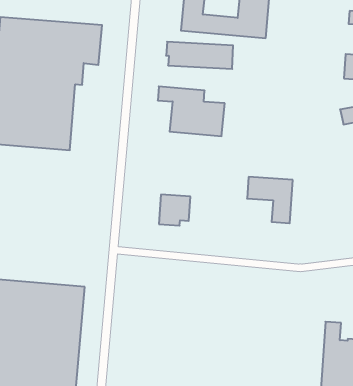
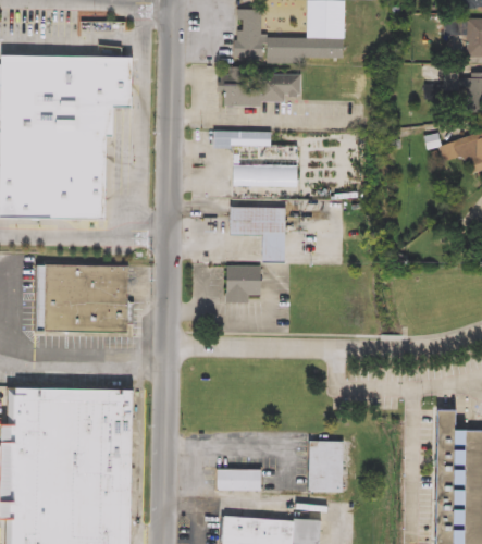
building: [247,177,293,223] -> [225,208,281,262]
building: none -> [35,264,135,334]
building: none -> [313,441,347,492]
building: none -> [221,470,264,491]

